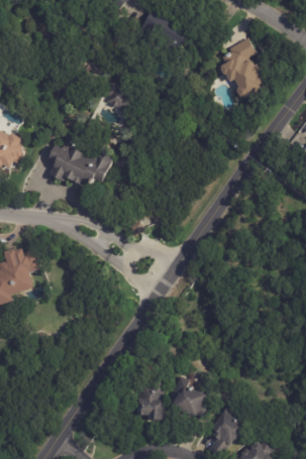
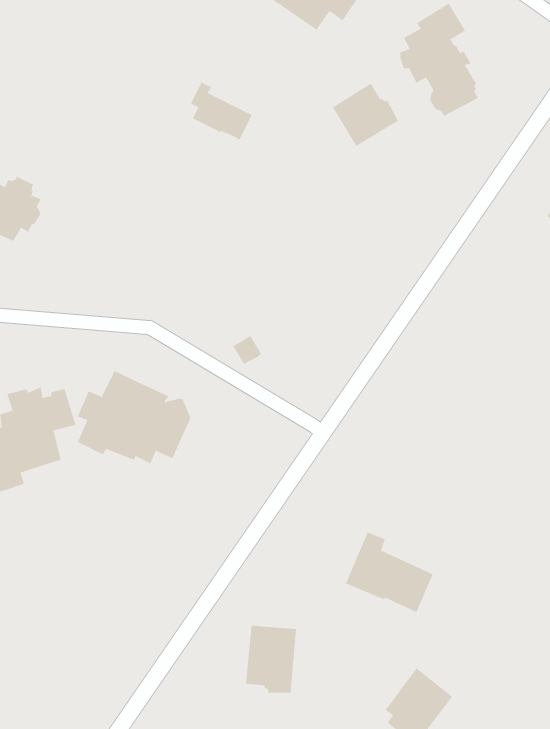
building: none -> [332,83,400,147]
building: [47,135,110,187] -> [77,371,191,464]
building: [168,375,216,420] -> [345,532,433,613]

